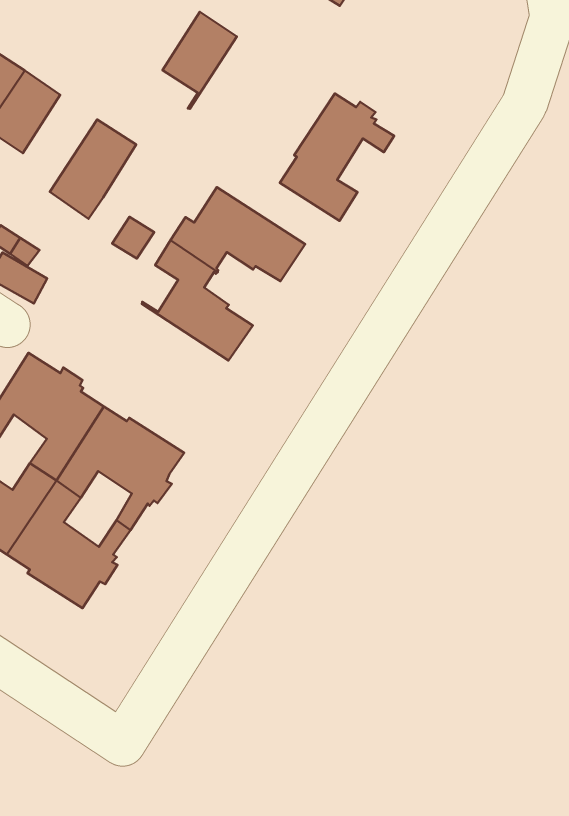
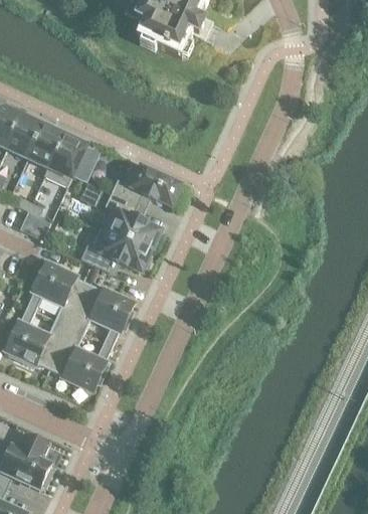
building: [163,12,237,109] -> [27,124,63,175]
building: [280,93,394,221] -> none
building: none -> [72,144,102,180]
building: none -> [79,226,152,270]

